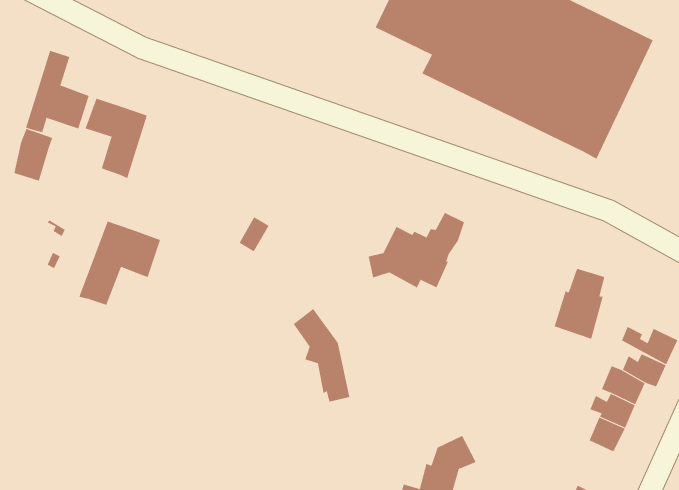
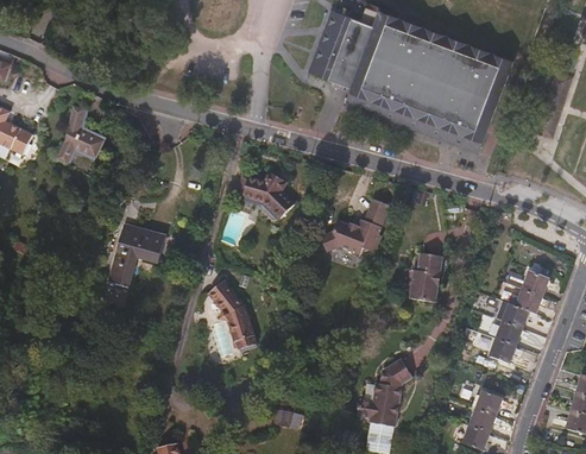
building: [85,98,147,179] -> none
building: [14,128,53,182] -> none
building: none -> [238,172,295,219]
building: [554,268,605,339] -> [407,254,441,305]
building: [293,308,350,402] -> [209,280,256,348]

